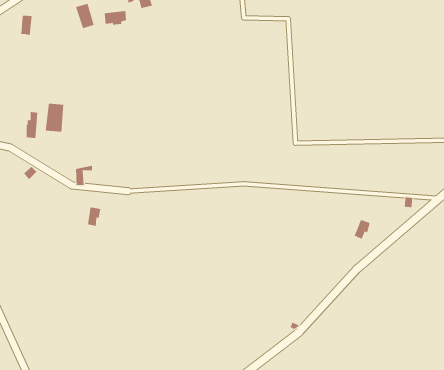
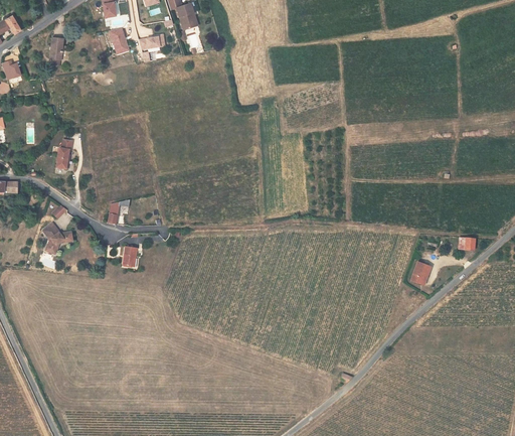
building: [45,103,64,132] -> none
building: none -> [40,222,68,252]

